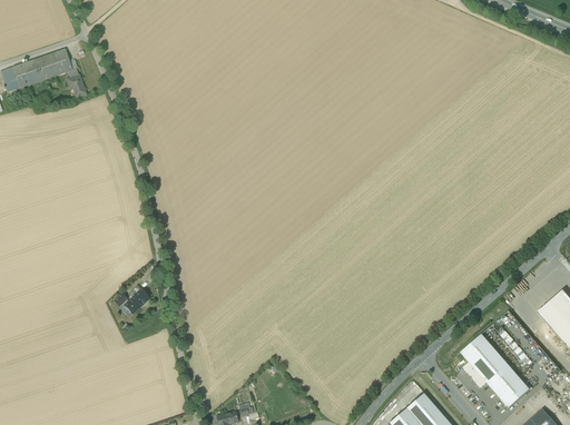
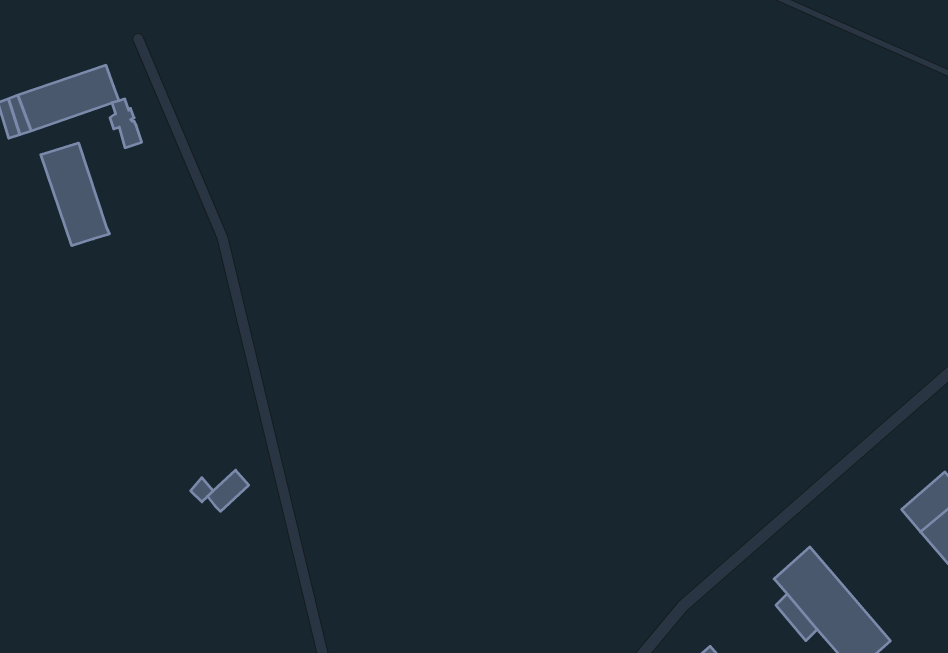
building: none -> [41,143,109,246]

